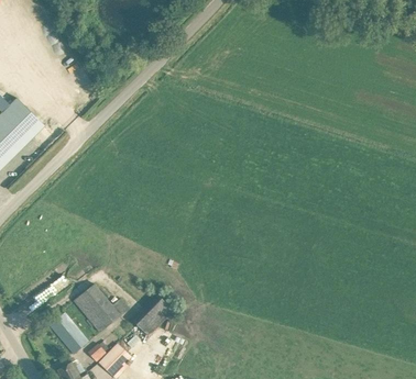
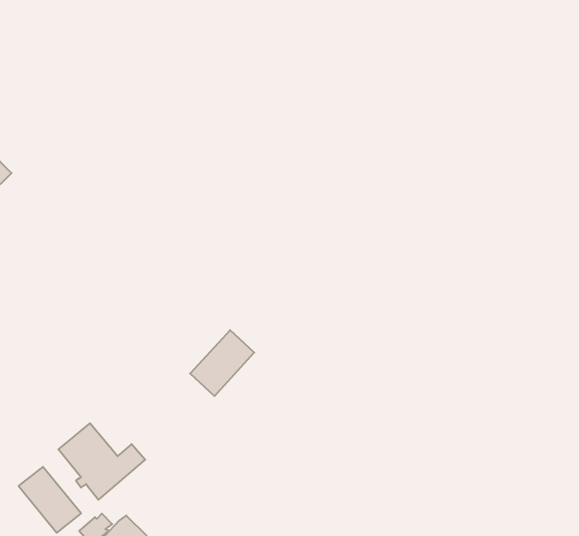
building: [134,293,175,335] -> [190,330,254,396]

